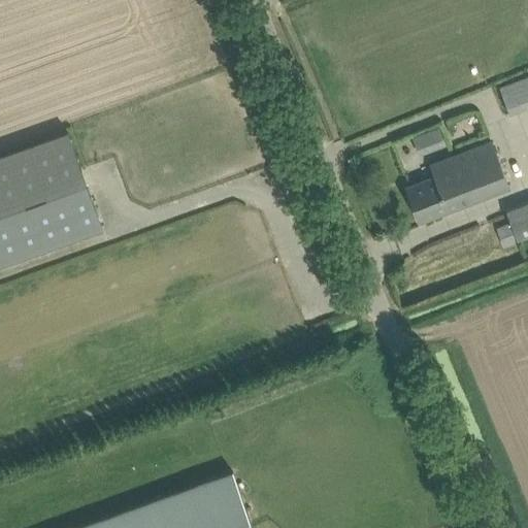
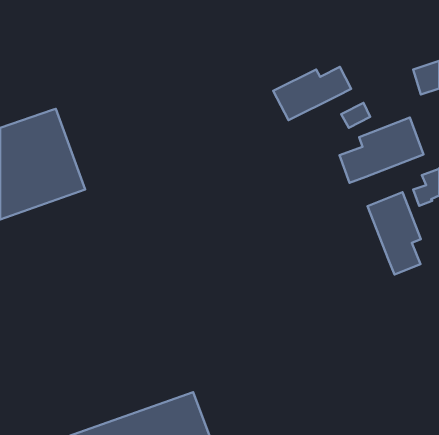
building: none -> [273,67,351,120]
building: none -> [368,192,421,275]

